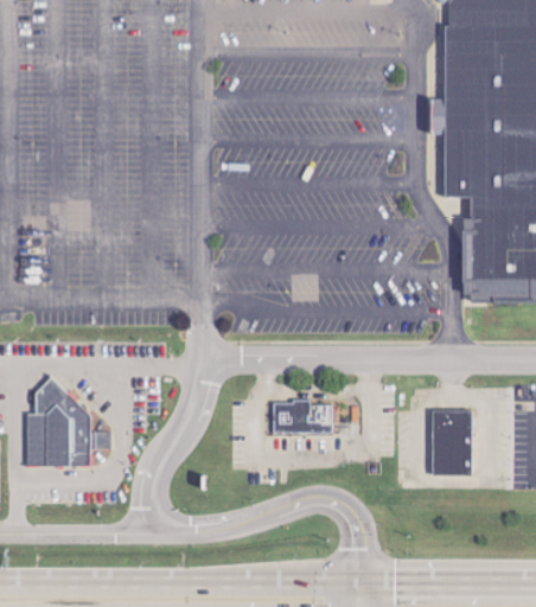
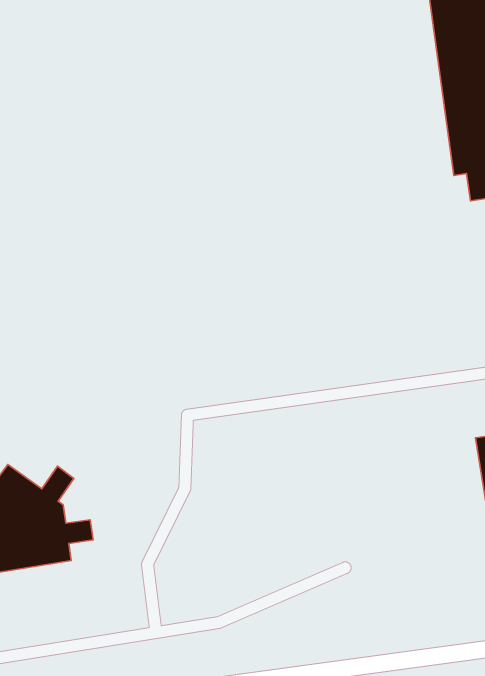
building: [273,403,333,434] -> none

